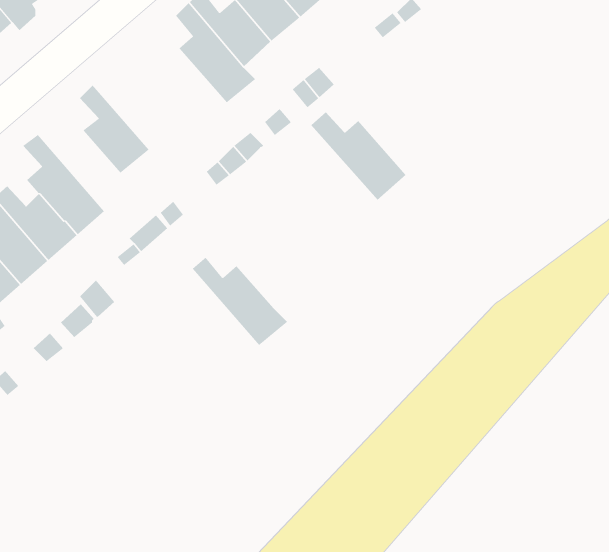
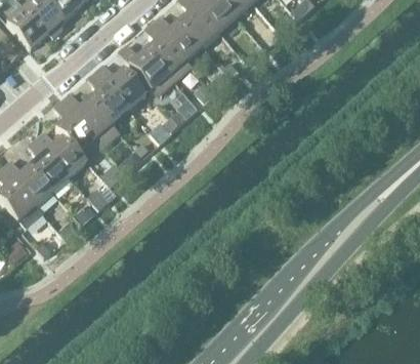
building: none -> [95,63,146,109]
building: [311,111,407,201] -> [118,43,175,96]
building: [192,257,288,346] -> [62,92,120,146]

